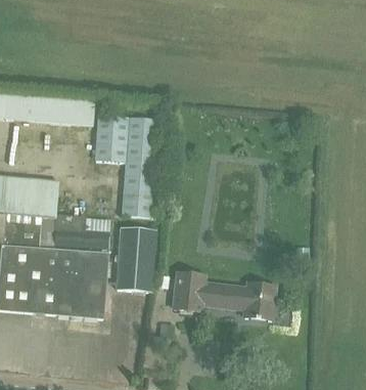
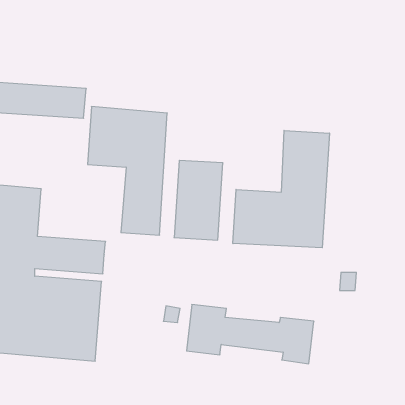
building: none -> [233,130,329,248]
building: [117,227,155,291] -> [174,160,223,240]

